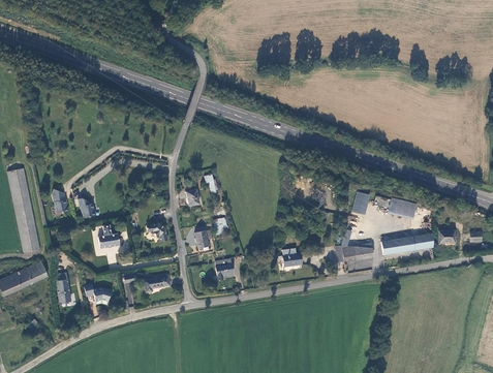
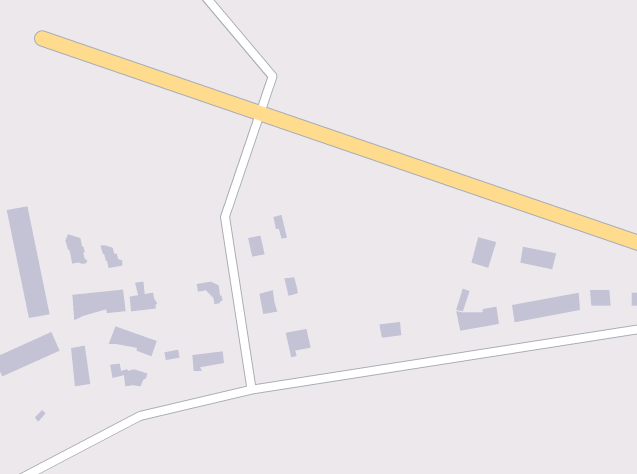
building: none -> [72,289,126,321]
building: none -> [108,326,157,357]

